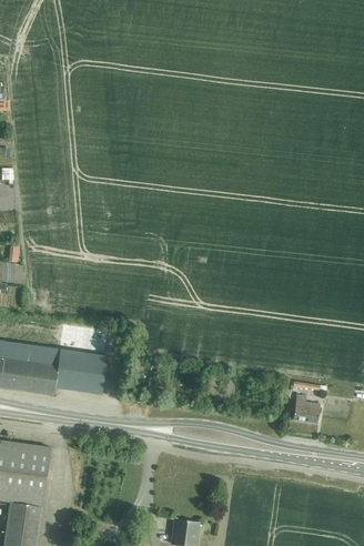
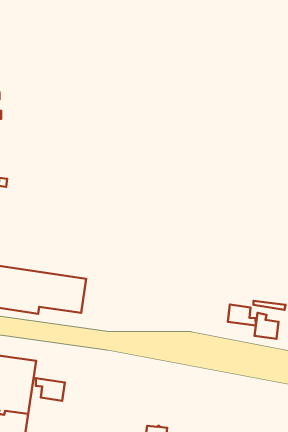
building: none -> [228,305,256,325]
building: none -> [36,378,65,401]

